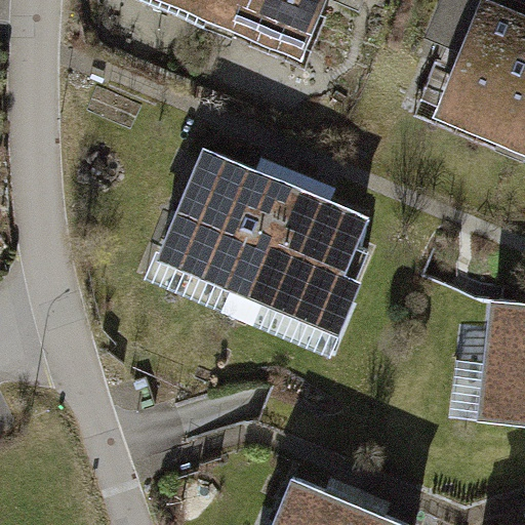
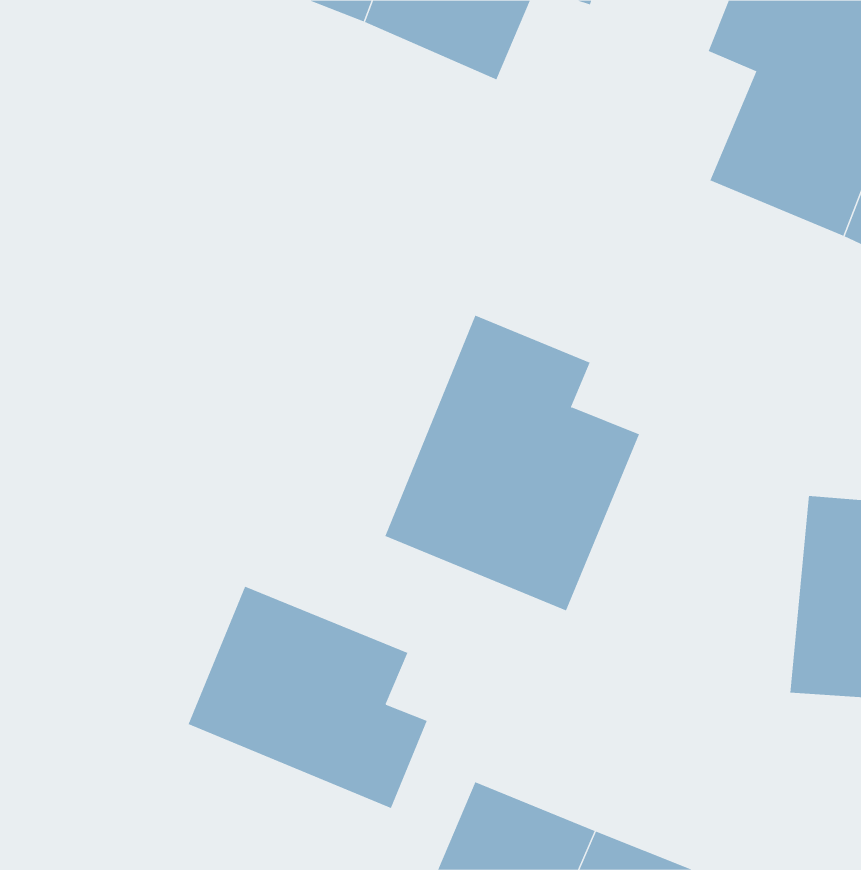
building: [146,153,291,323] -> none
building: none -> [188,586,427,809]

